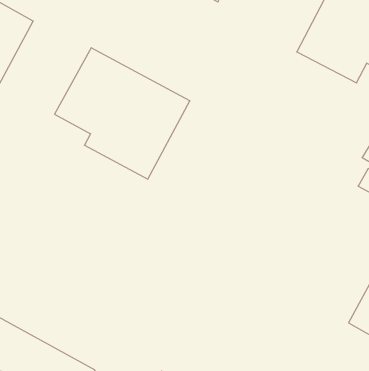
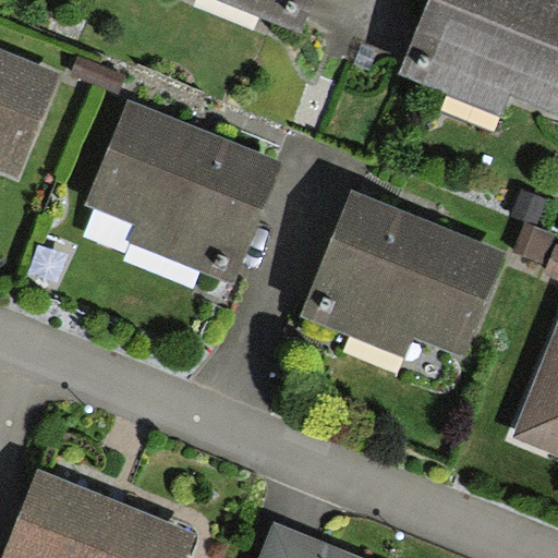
building: none -> [307,193,499,350]

